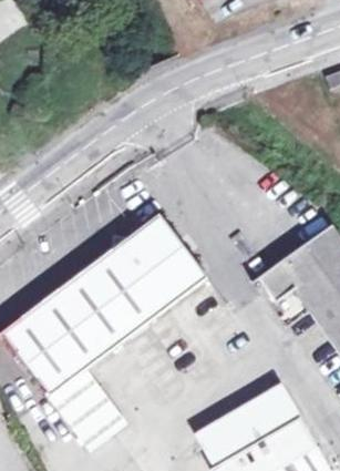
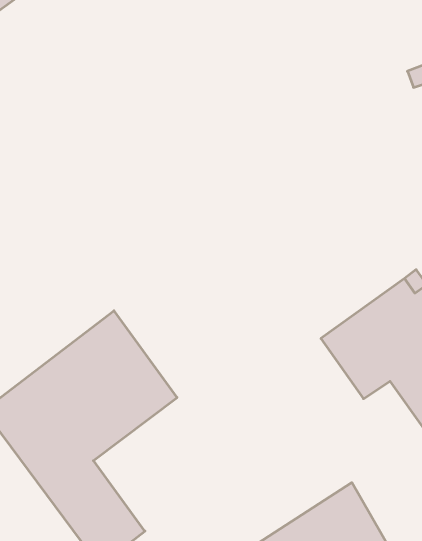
building: [102,214,207,321] -> none

